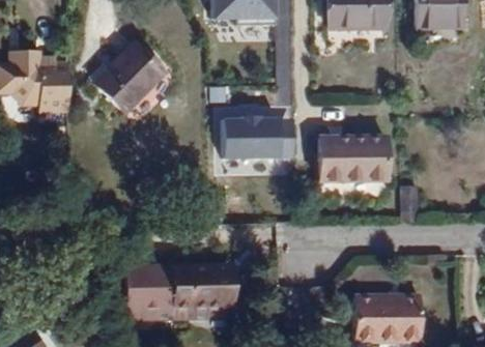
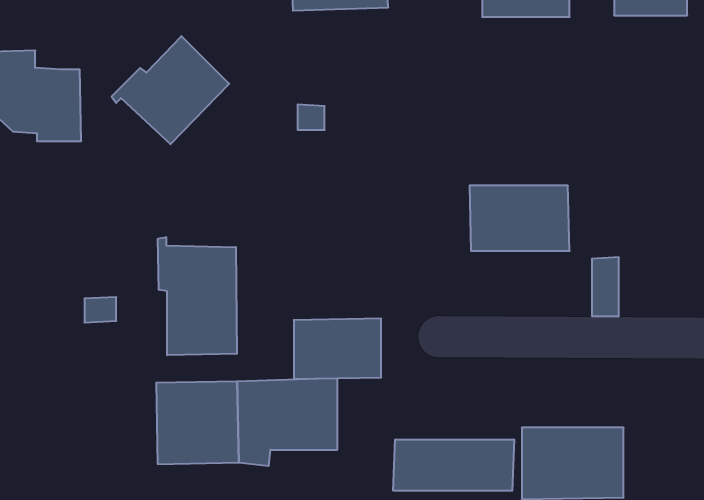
building: [220,119,277,158] -> [294,319,381,379]
building: none -> [158,237,237,355]
building: none -> [393,439,514,491]

